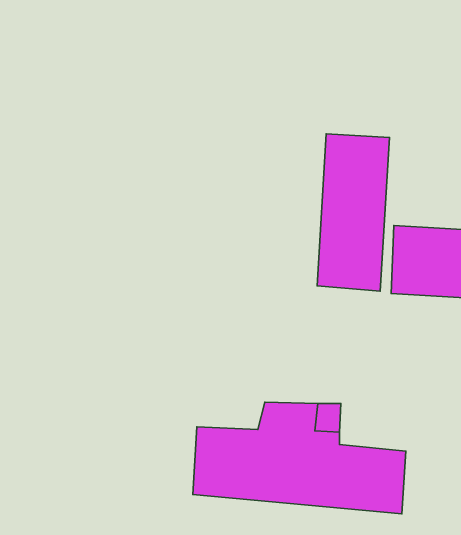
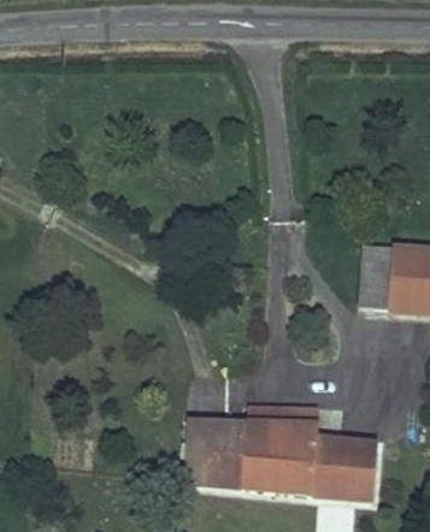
building: [317,134,389,291] -> none

